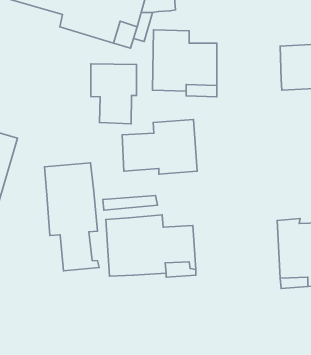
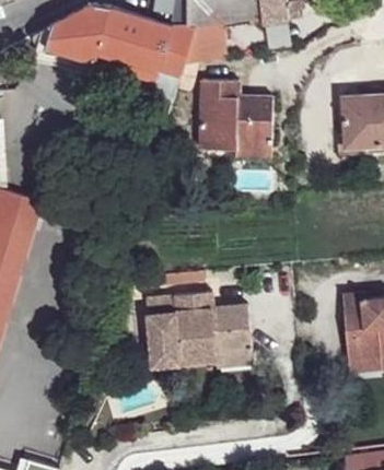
building: [91,64,137,124] -> none
building: [122,119,197,174] -> none
building: [45,163,99,271] -> none

